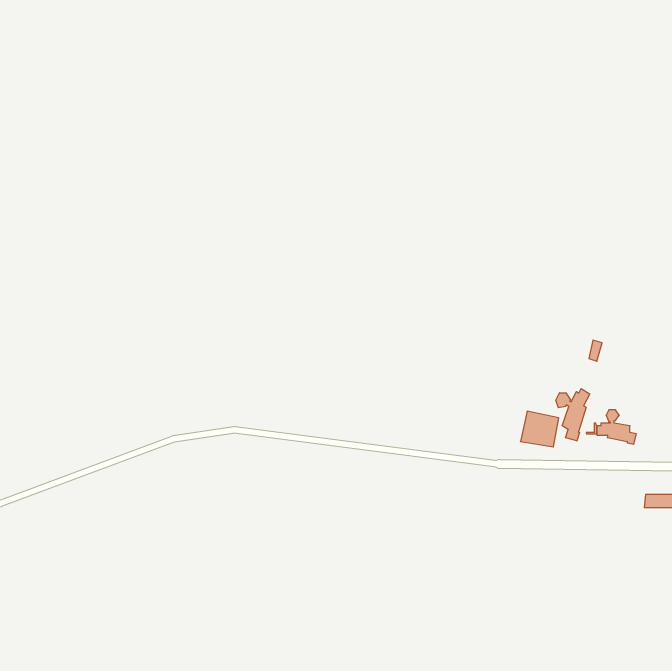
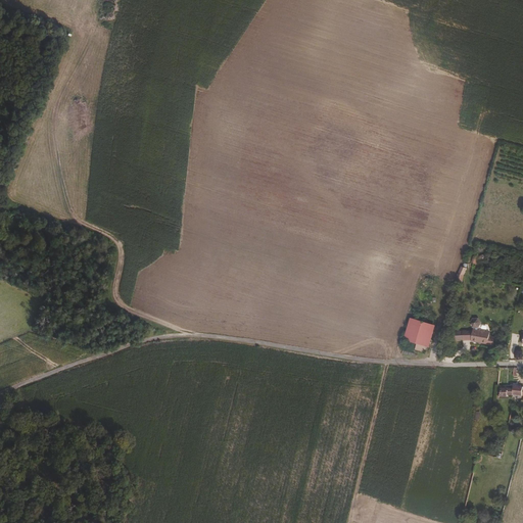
building: [556,389,590,441] -> none

